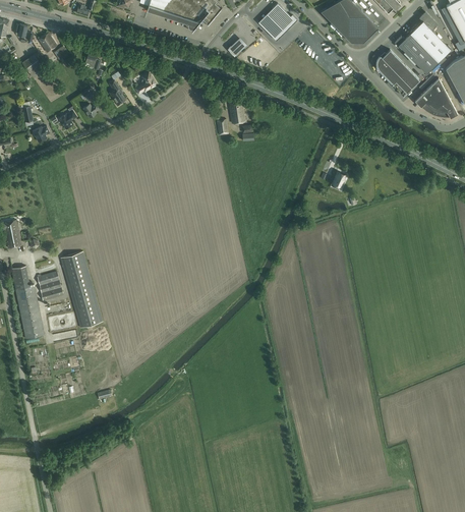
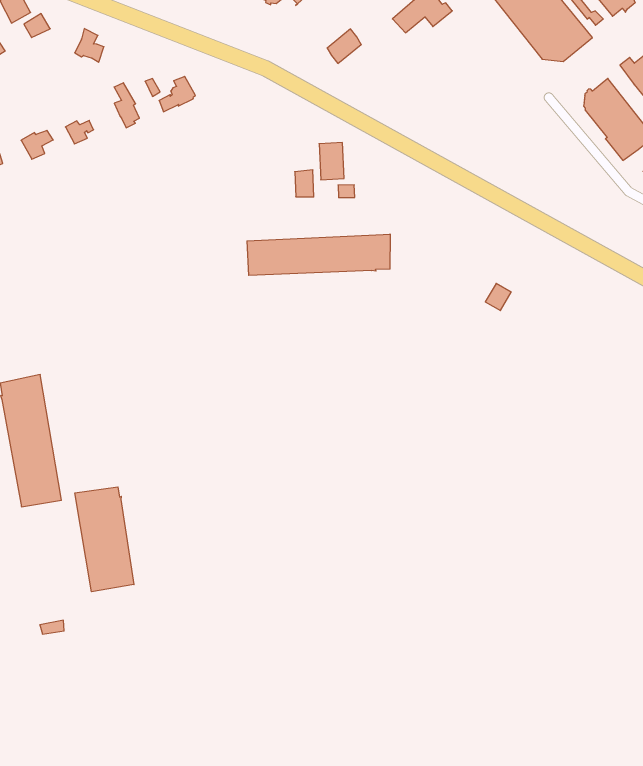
building: none -> [247,234,390,275]
building: none -> [75,487,134,592]

